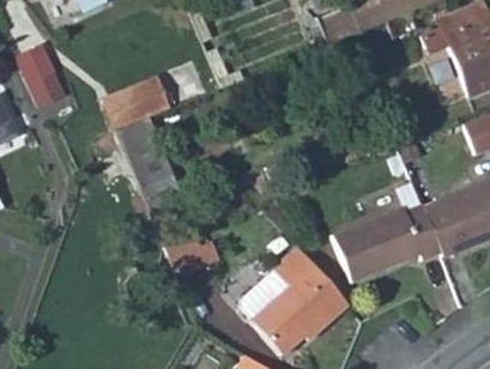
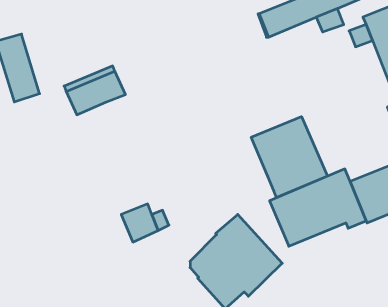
building: [114,117,181,210] -> none
building: none -> [251,117,328,198]

